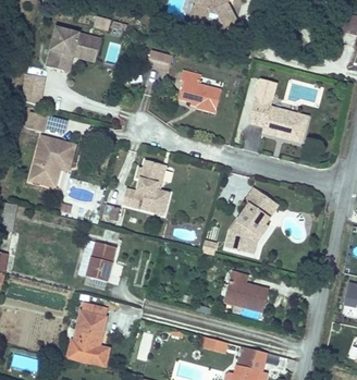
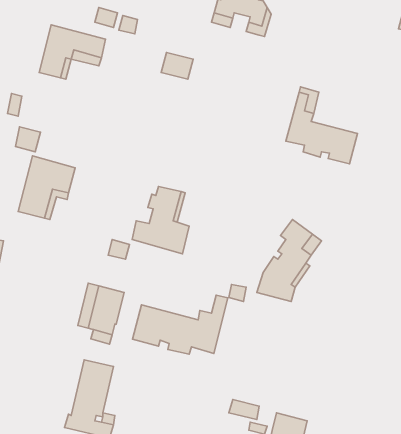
building: [180,70,222,113] -> none
building: none -> [133,295,228,354]
building: [225,271,269,310] -> none

